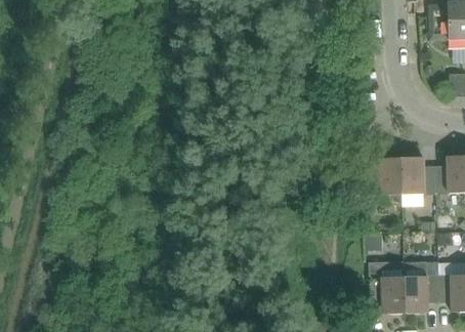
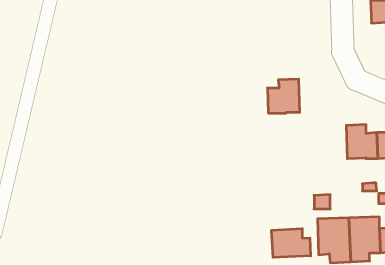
building: [366,156,403,195] -> [267,79,300,113]
building: none -> [272,229,311,257]

